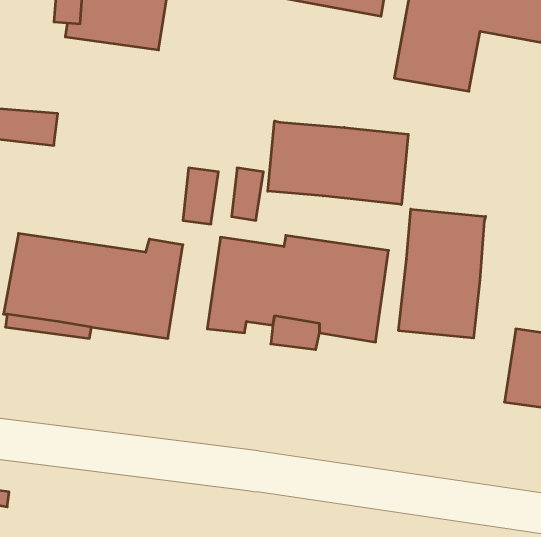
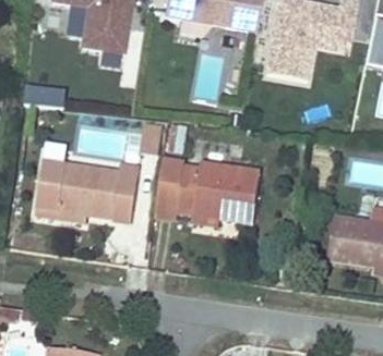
building: [268,121,408,205] -> none
building: [399,209,486,338] -> none

